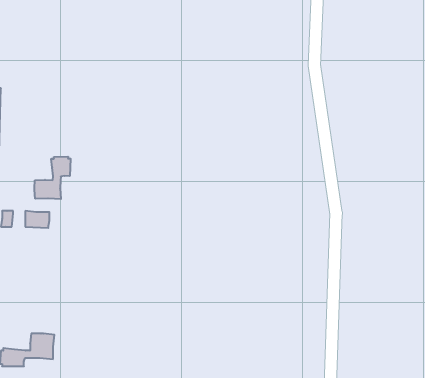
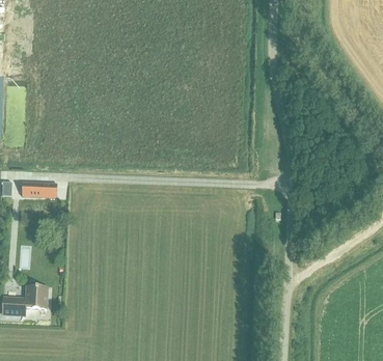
building: [34,157,71,199] -> none

